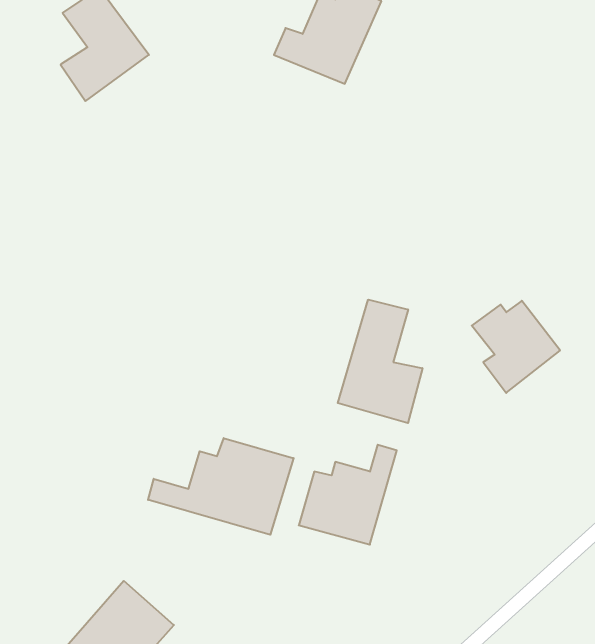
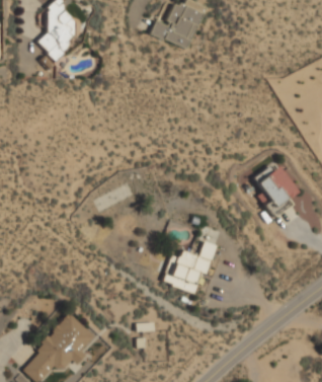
building: [338,300,422,423] -> none
building: [148,438,294,535] -> none

